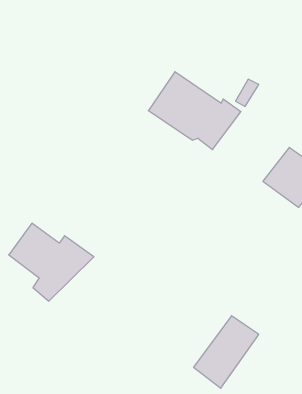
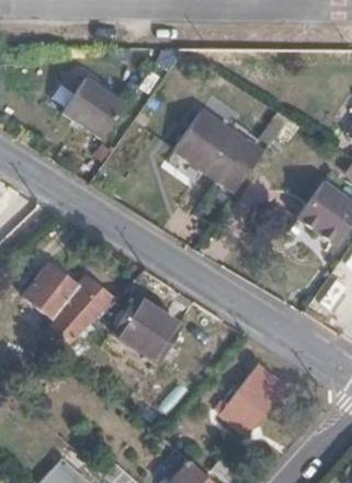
building: none -> [58,76,120,136]
building: none -> [113,298,180,361]

